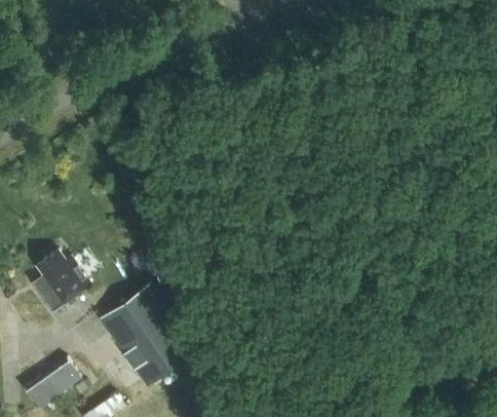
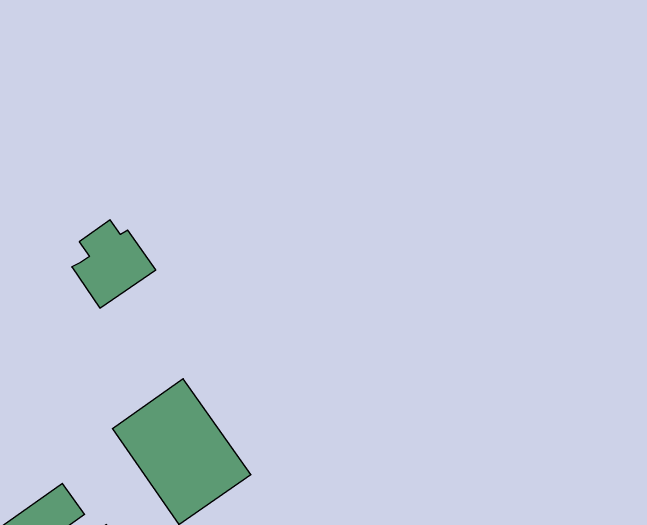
building: [31,251,89,312] -> [72,220,156,308]

